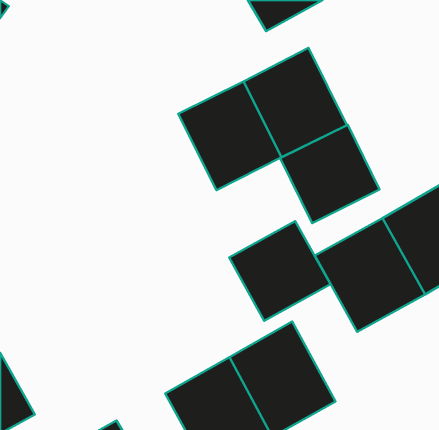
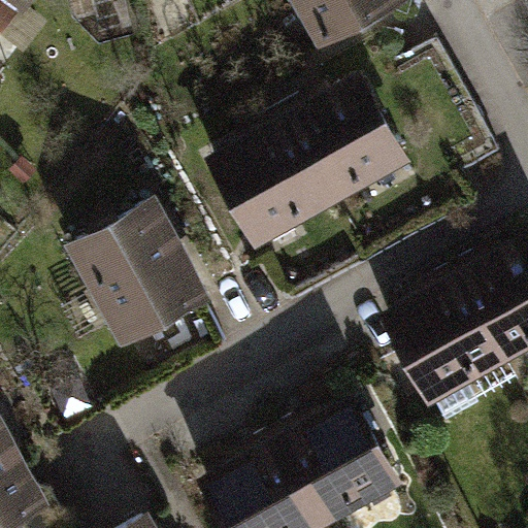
building: [280,125,379,223] -> none
building: none -> [65,199,212,351]
building: [229,221,331,321] -> none

